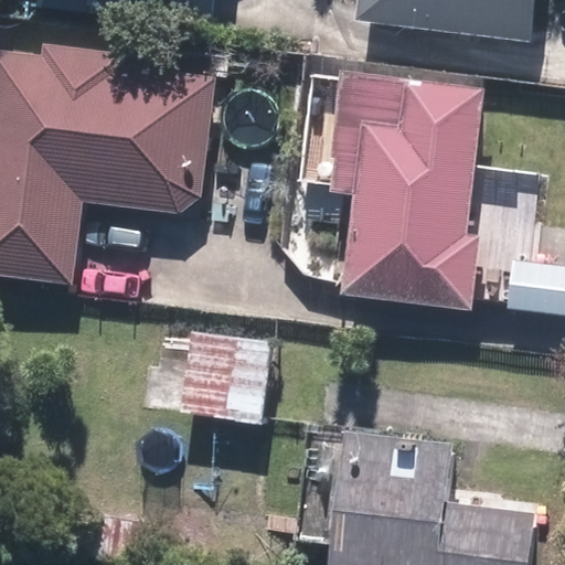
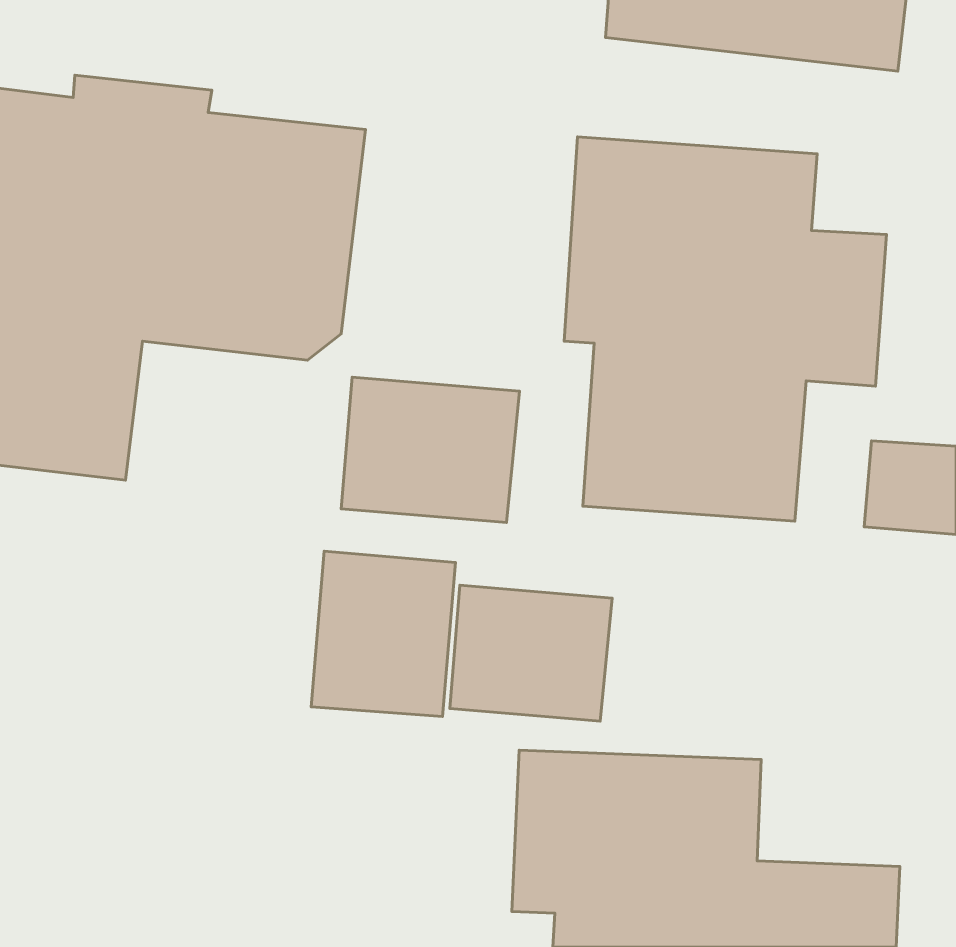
building: none -> [341,377,519,523]
building: none -> [450,585,612,721]

